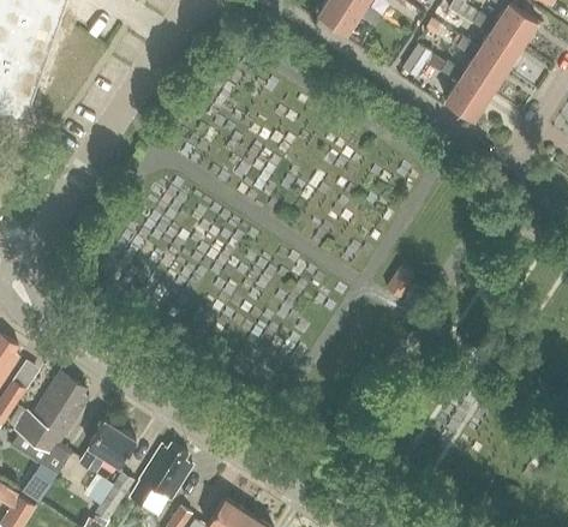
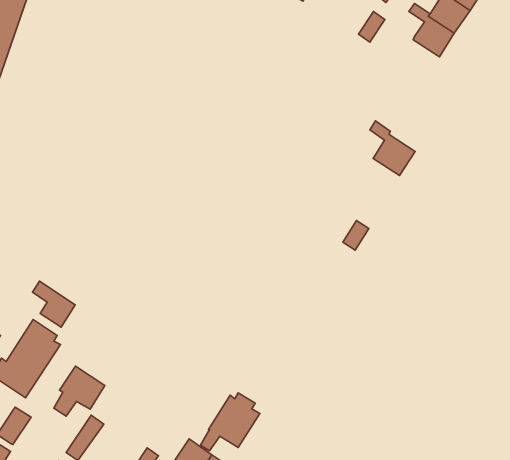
building: [441,61,489,119] -> [370,121,415,175]
building: none -> [32,281,75,327]
building: [131,443,193,504] -> [201,393,260,451]

